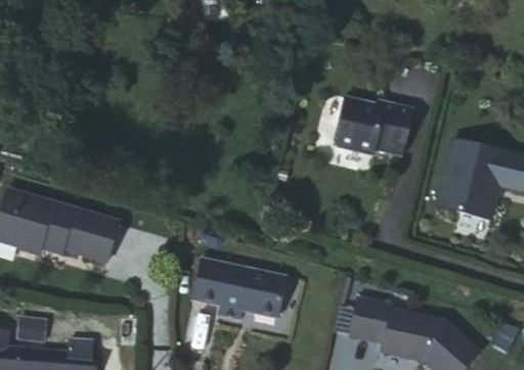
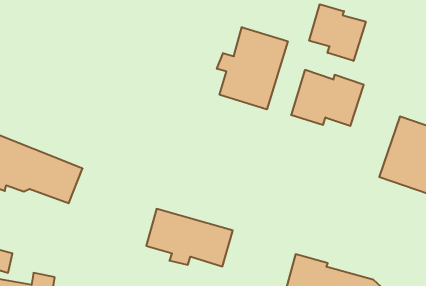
building: none -> [309,4,366,61]
building: none -> [217,27,288,109]

